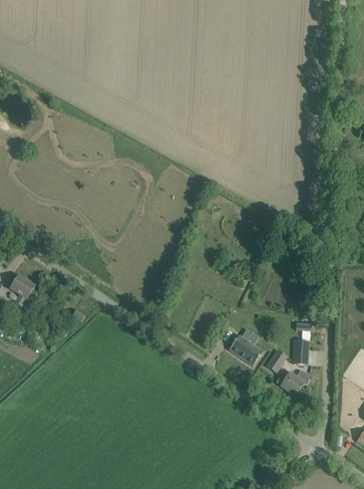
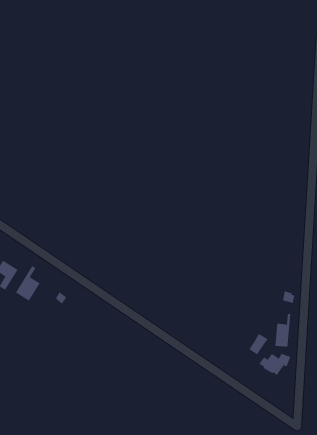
building: none -> [15,265,41,302]
building: [229,335,262,365] -> none

